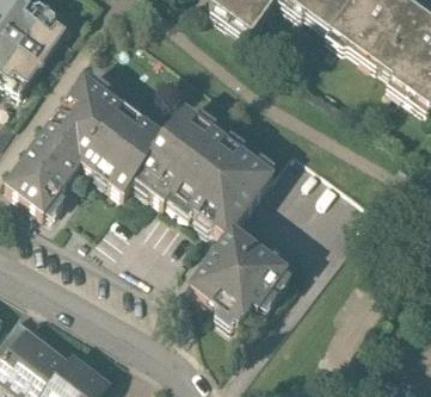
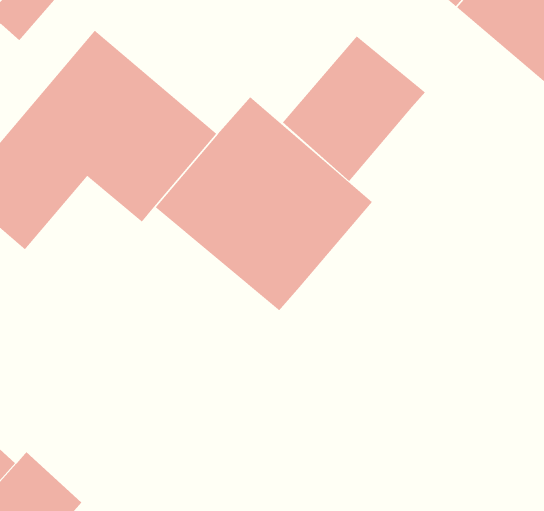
building: none -> [282,36,426,182]
building: [195,228,297,330] -> none

